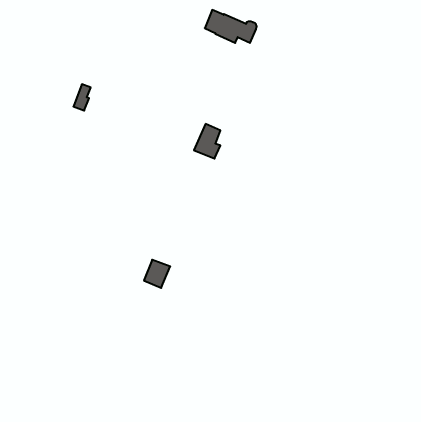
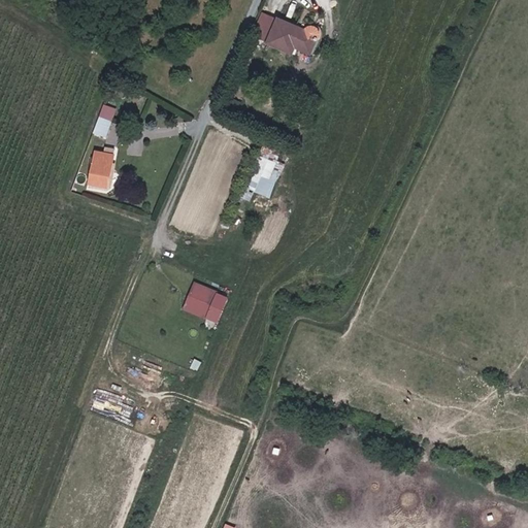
building: none -> [90,153,112,188]
building: [144,260,170,288] -> [184,284,217,319]

